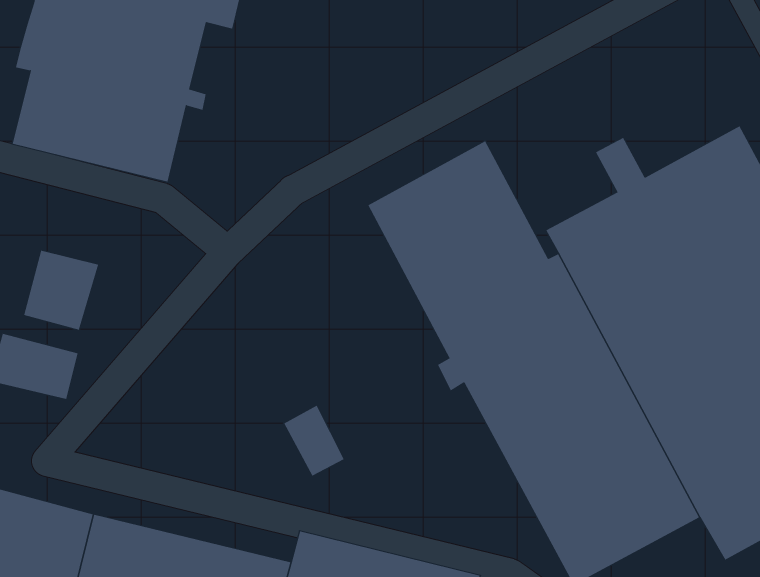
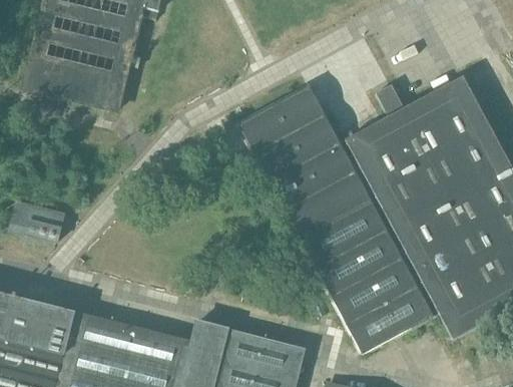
building: [24,250,99,330] -> none
building: [284,405,344,476] -> none

